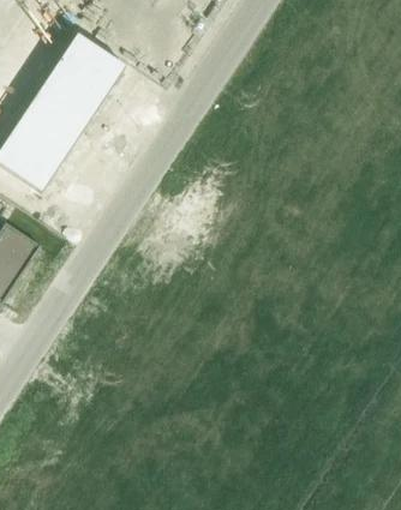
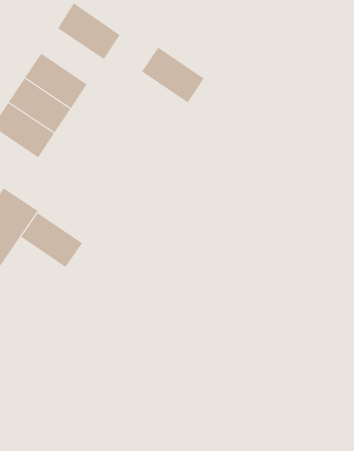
building: [43,56,108,114] -> [141,47,205,103]
building: none -> [20,212,83,268]

